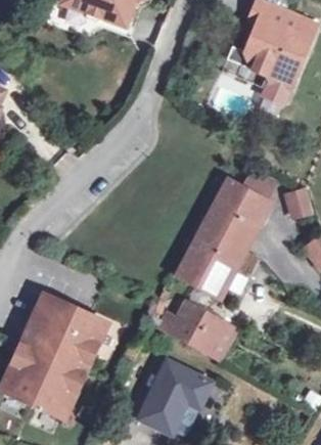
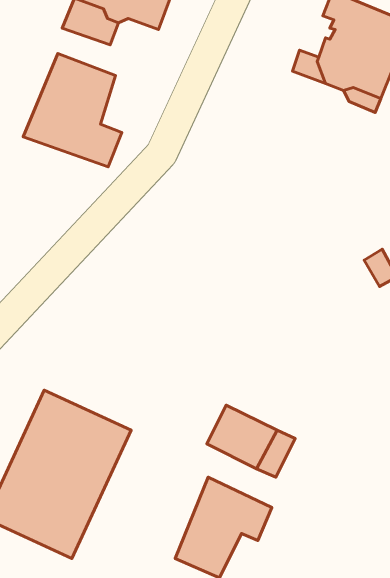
building: none -> [23,54,122,167]
building: [171,176,271,305] -> none

